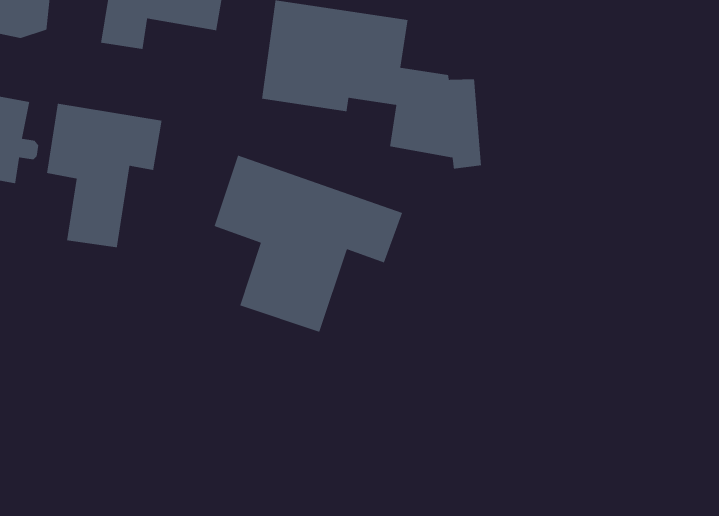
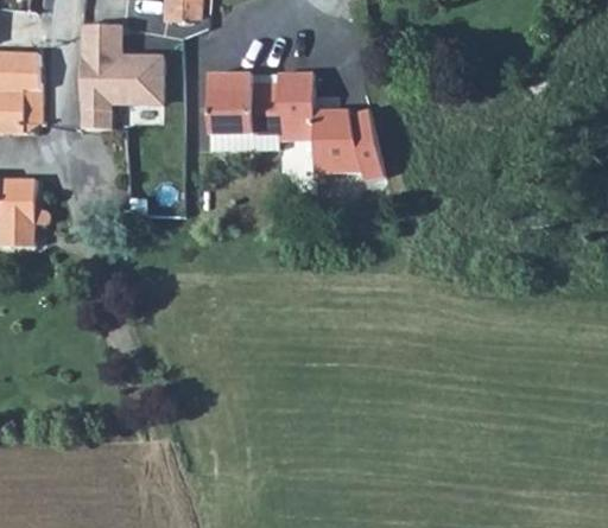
building: [46,103,163,248] -> none
building: [214,155,403,333] -> none

